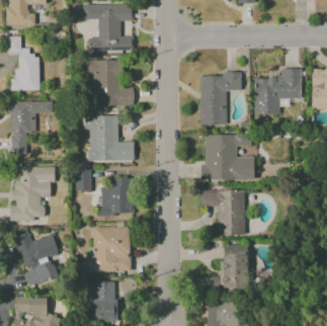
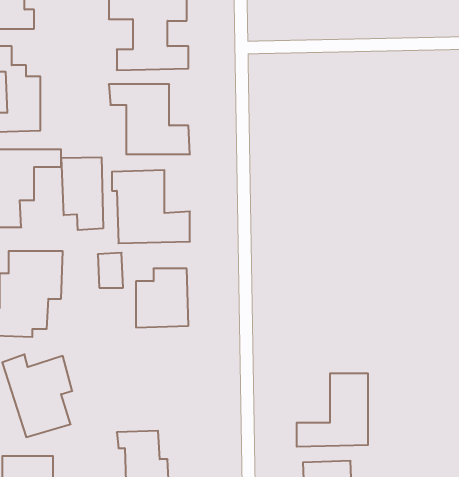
building: [254,69,302,114] -> none
building: [199,72,241,126] -> none
building: none -> [62,157,103,230]
building: [201,135,254,180] -> none
building: [200,190,245,236] -> none
building: [93,227,131,272] -> none

